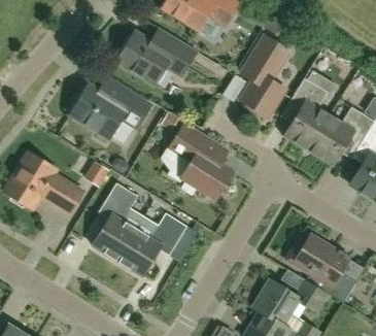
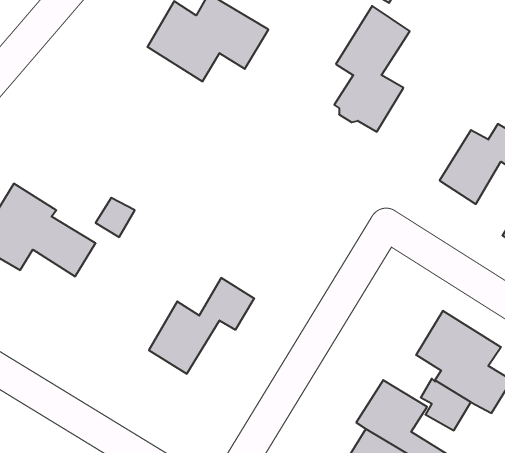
building: [69,76,149,137] -> none
building: [284,76,329,148] -> none
building: [160,120,231,197] -> none
building: [93,183,138,260] -> none

